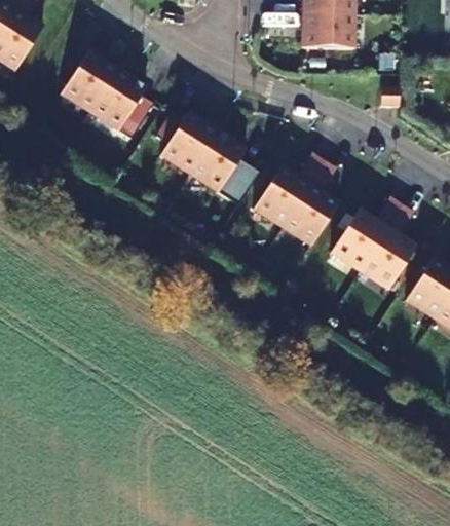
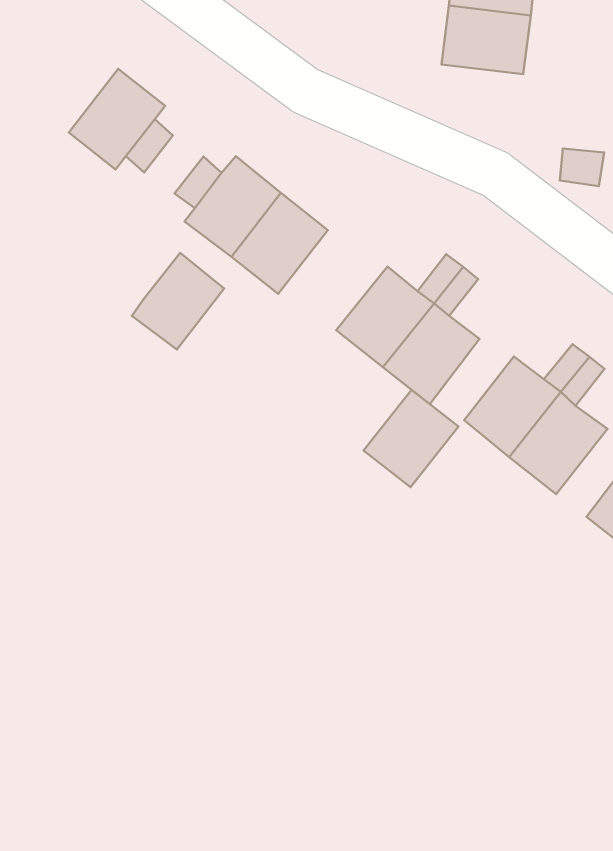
building: [62,54,115,112] -> none
building: [219,164,257,205] -> none
building: none -> [132,253,224,349]
building: none -> [364,390,459,487]

